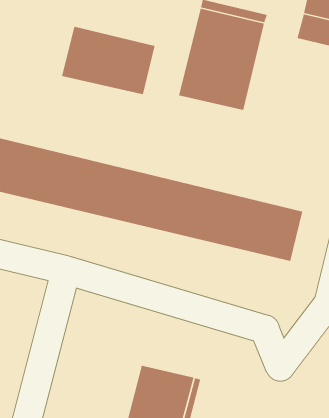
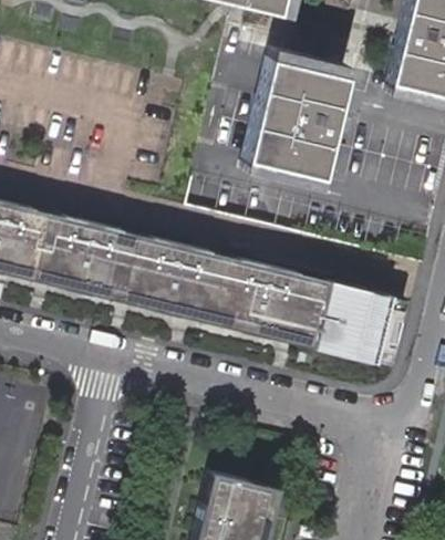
building: [61,26,156,95] -> none

